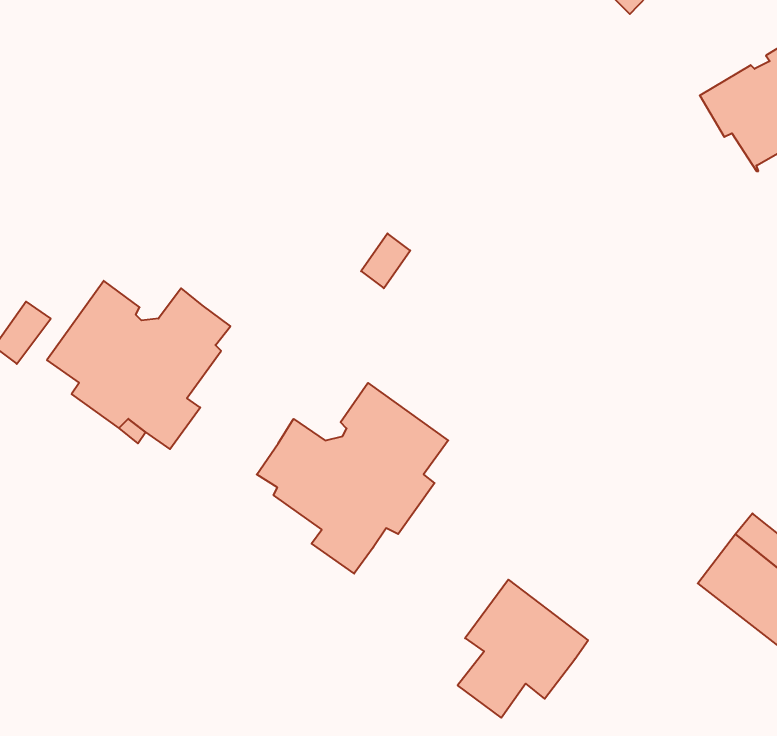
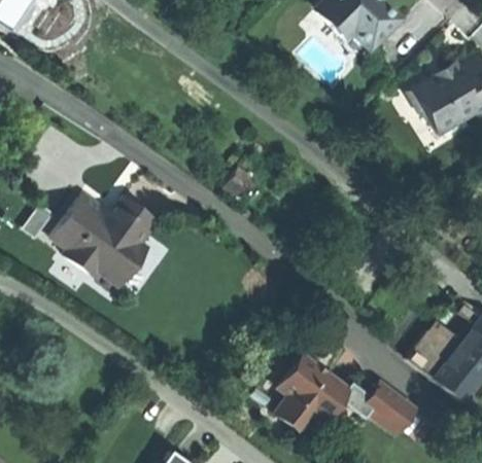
building: [257,383,448,574] -> none
building: none -> [341,383,416,433]

